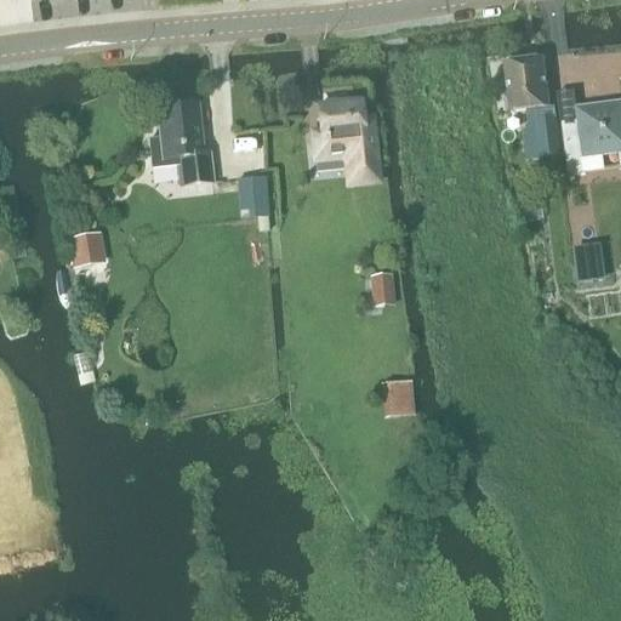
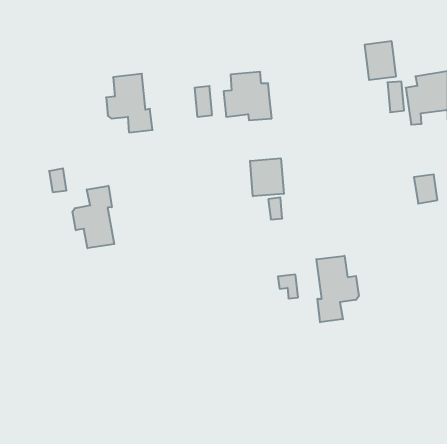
building: [246,173,270,216] -> [195,86,212,117]
building: none -> [250,158,284,196]
building: none -> [72,186,114,248]
building: none -> [316,256,359,322]

